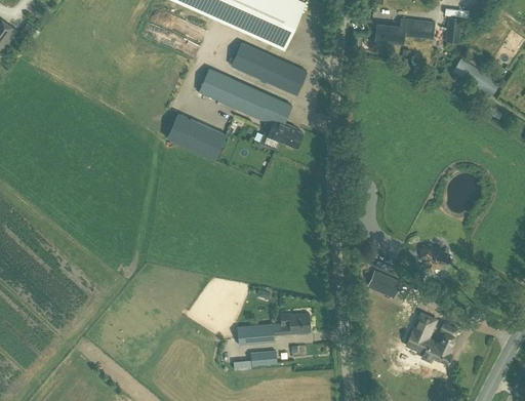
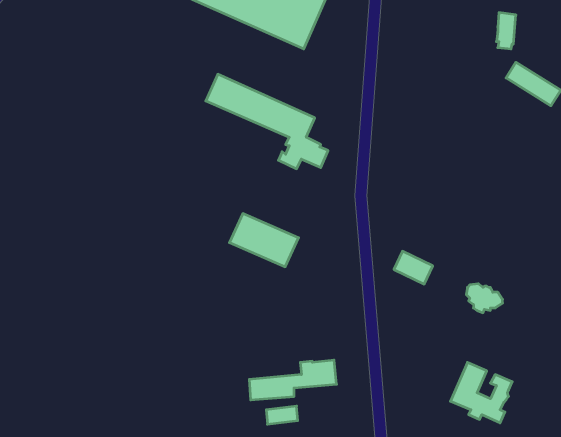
building: [375,18,434,44] -> none
building: [231,42,308,95] -> none
building: [167,114,226,159] -> [229,214,299,267]
building: [367,270,400,297] -> [394,251,433,284]

